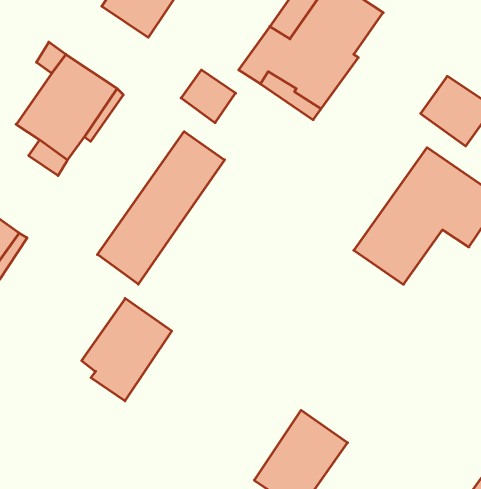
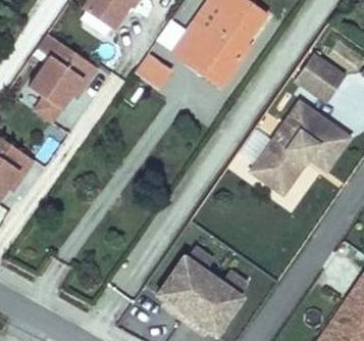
building: [97,132,225,284] -> none
building: [82,298,172,401] -> [155,253,214,321]

